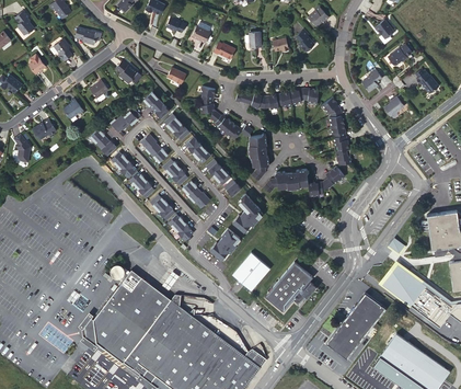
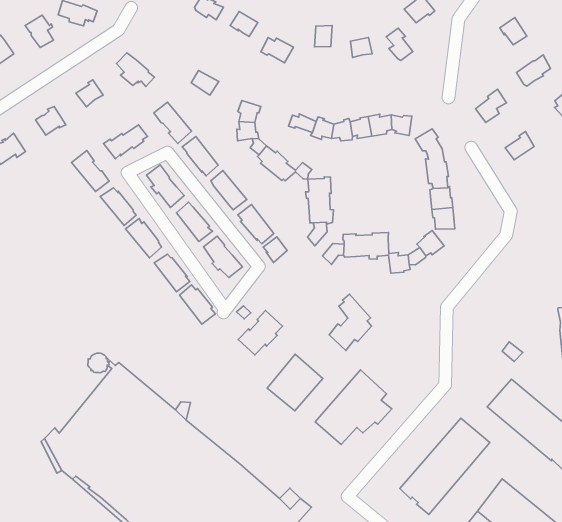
building: [232,193,261,231] -> [329,294,372,350]

